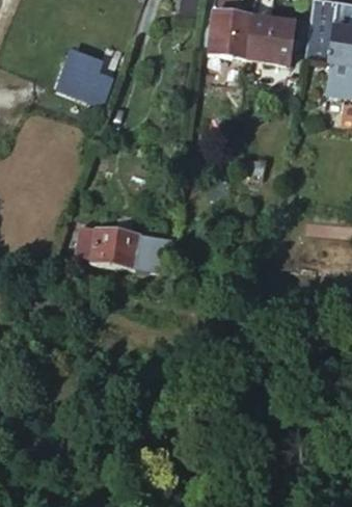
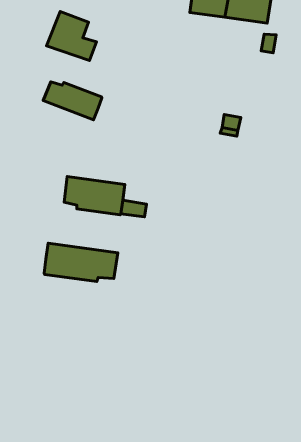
building: none -> [43,82,102,120]
building: none -> [44,243,118,281]

